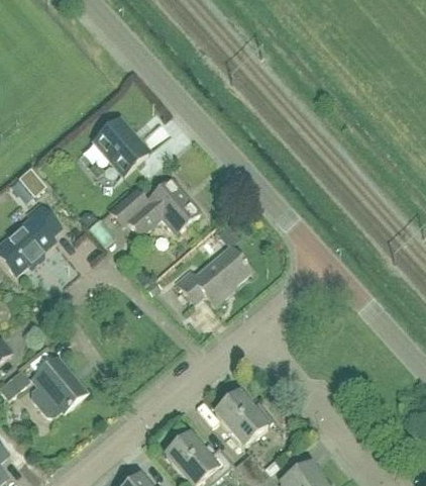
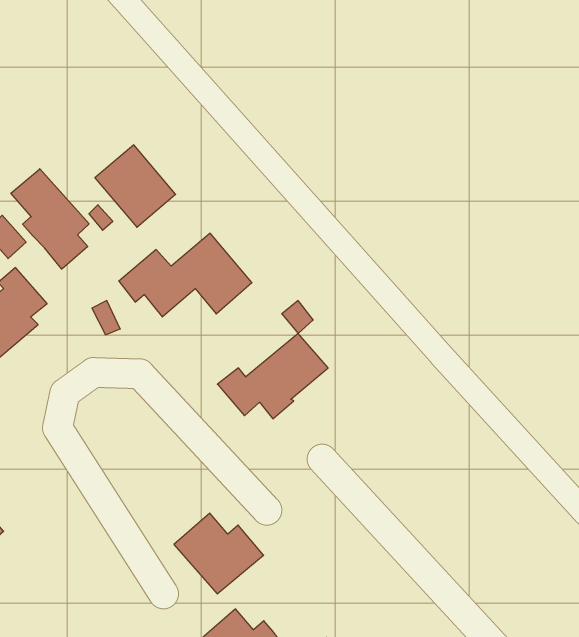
building: none -> [11,169,89,269]
building: [33,357,87,414] -> none
building: [213,392,274,447] -> [174,513,264,594]

